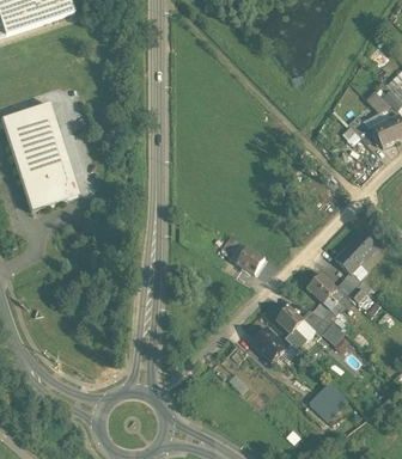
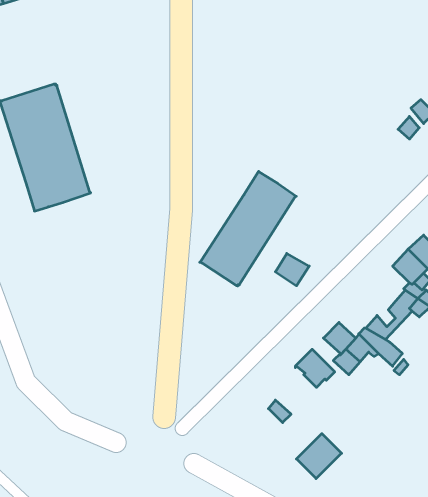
building: none -> [200,171,296,286]
building: [306,271,336,308] -> none
building: [309,381,347,420] -> [296,434,342,479]

